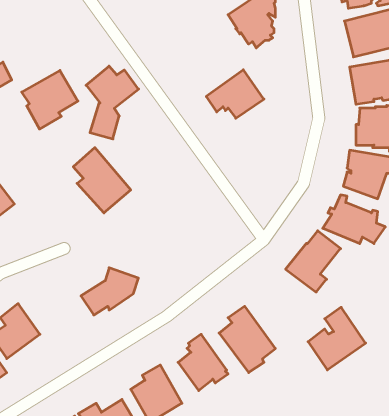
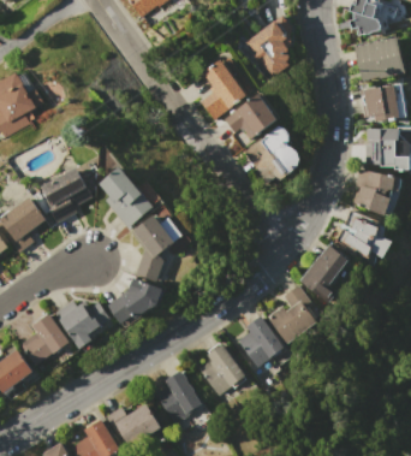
building: none -> [201,59,246,118]
building: [86,66,139,139] -> [132,214,181,283]
building: [22,70,78,129] -> [38,167,91,223]
building: none -> [245,125,299,179]
building: none -> [55,300,109,348]
building: [308,307,366,370] -> [267,285,321,344]

